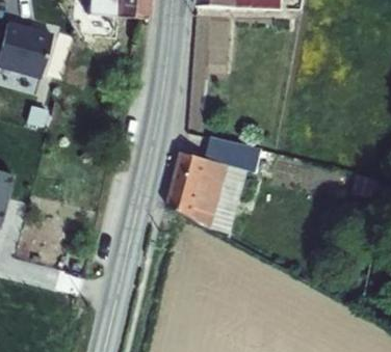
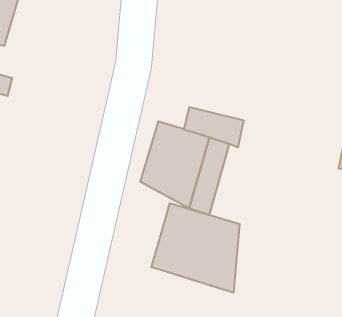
building: none -> [151,203,240,293]

